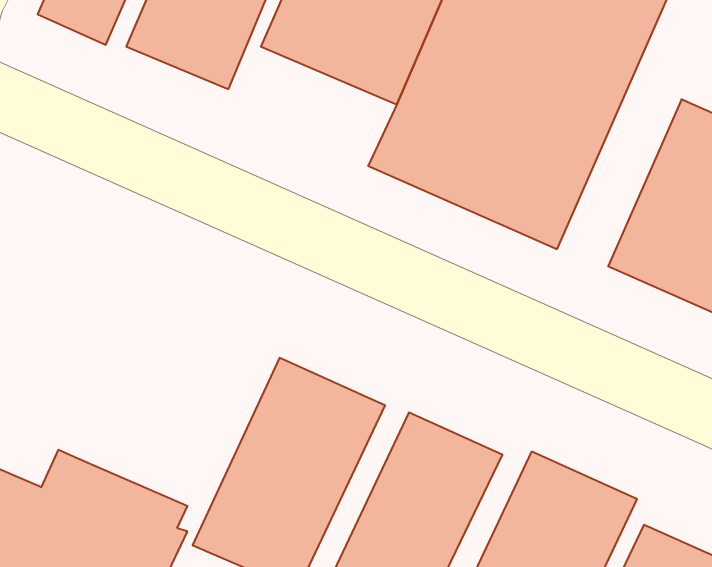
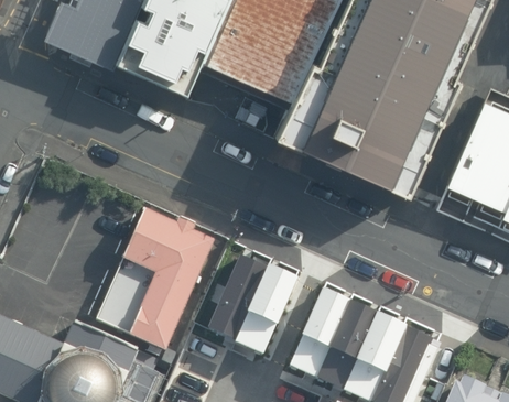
building: none -> [100,211,216,350]

